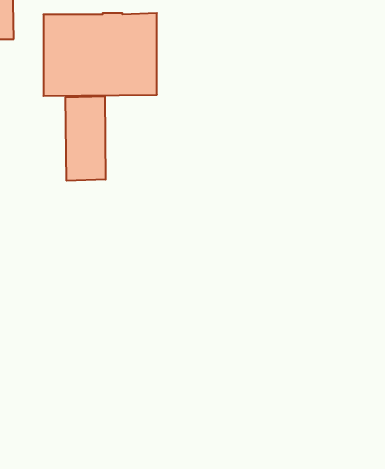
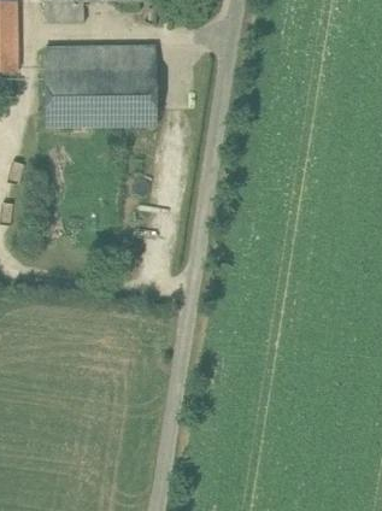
building: [66,96,106,181] -> none

